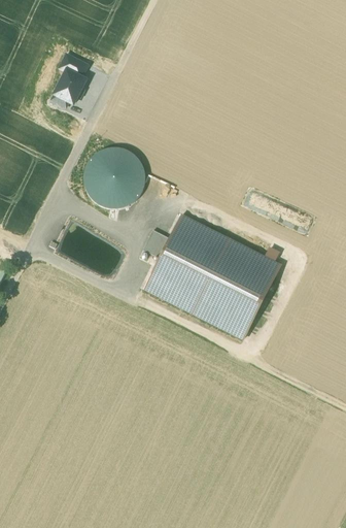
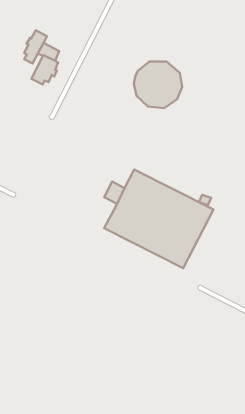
building: none -> [24,30,47,63]
building: [83,150,144,208] -> [134,62,182,108]

